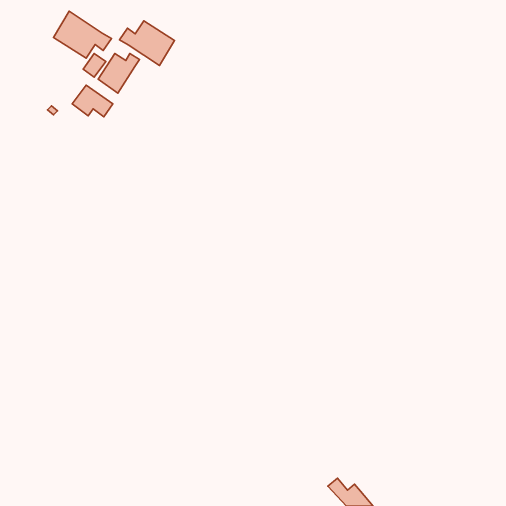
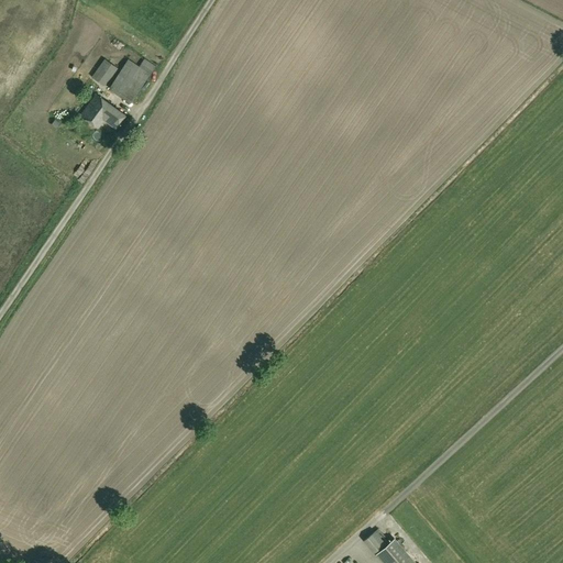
building: [54,11,112,58] -> none
building: [120,21,174,66] -> none

